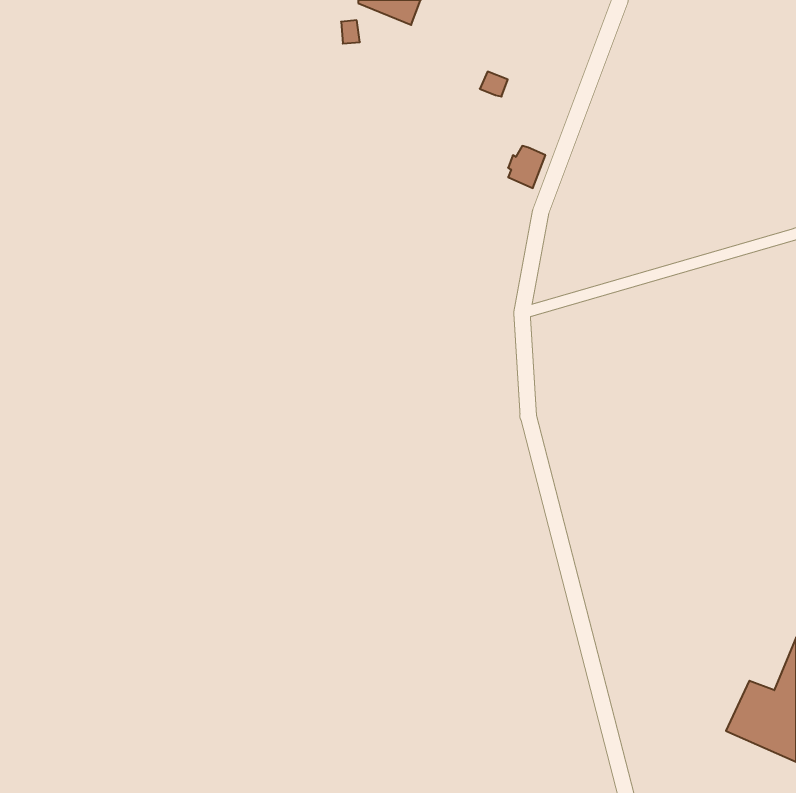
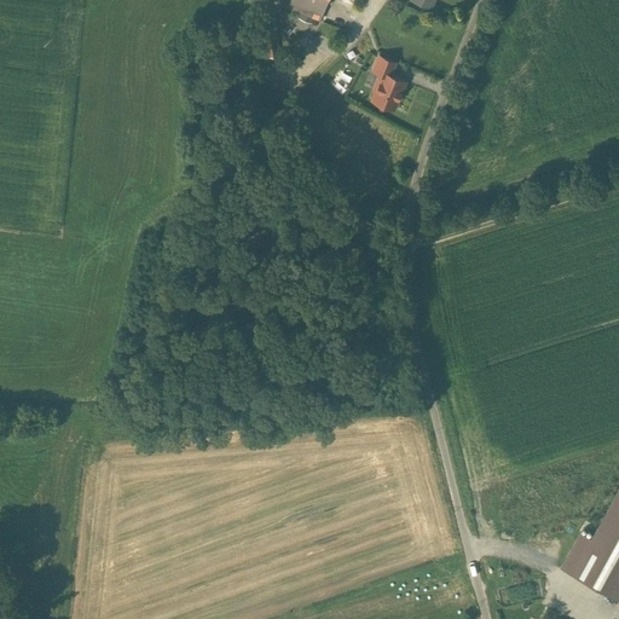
building: [508,146,545,188] -> [374,76,403,109]

